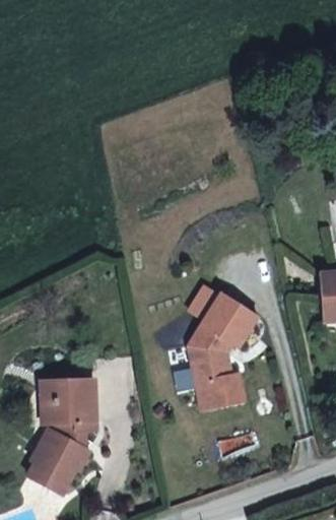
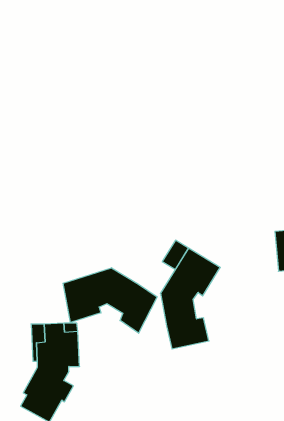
building: none -> [63,268,157,333]

